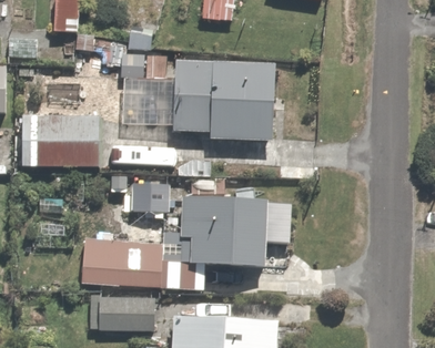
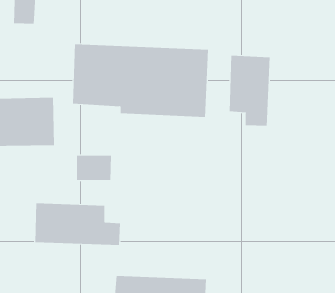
building: none -> [229,55,270,126]
building: [179,199,285,265] -> none
building: [93,294,150,332] -> none

